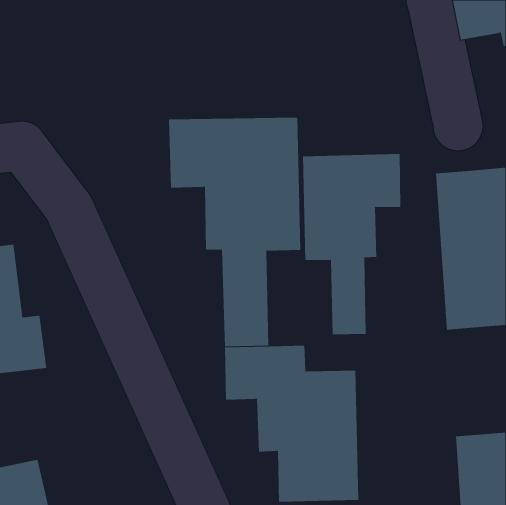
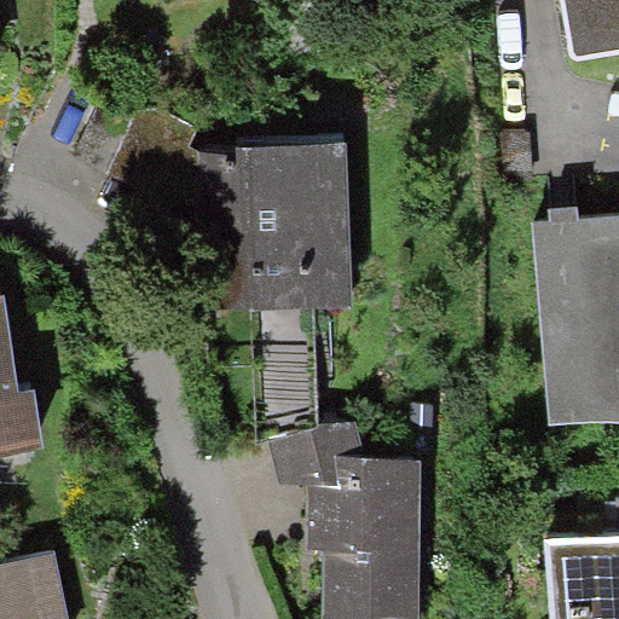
building: [302,153,401,335] -> none

